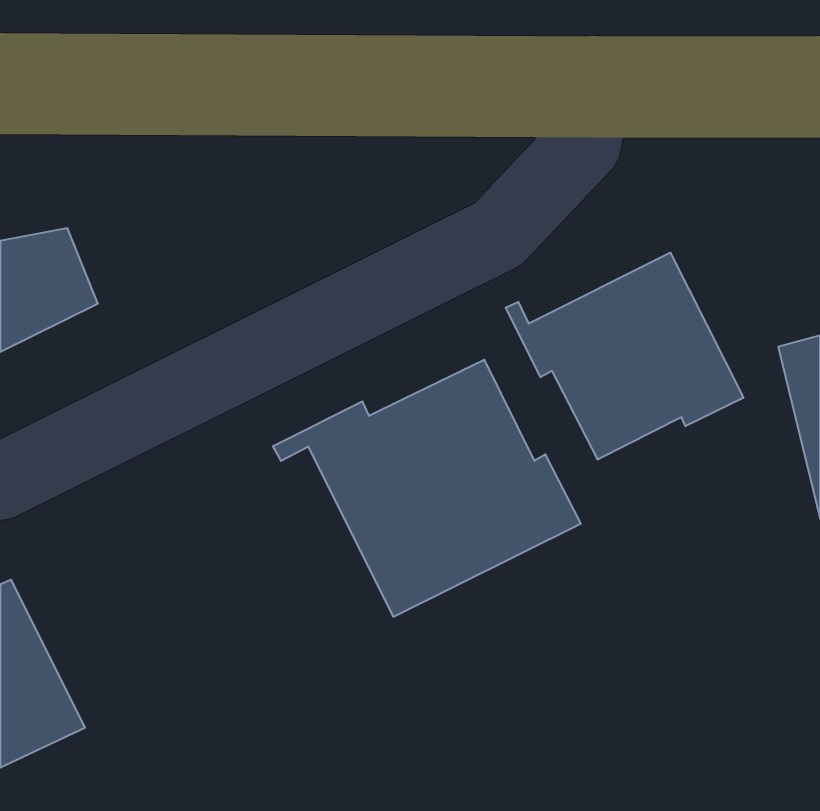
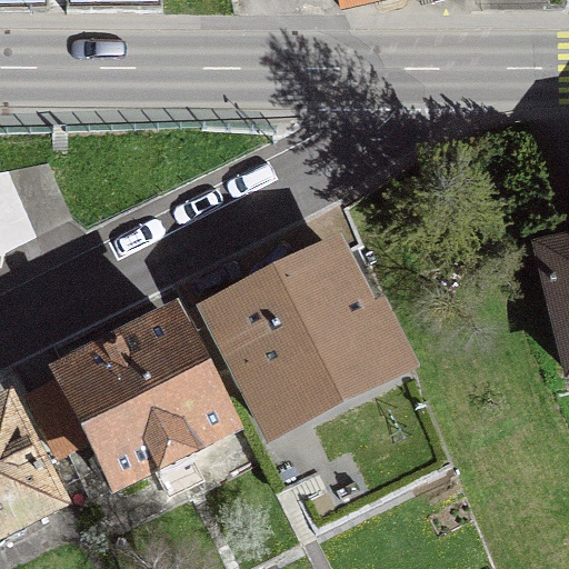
building: [506,253,743,460] -> none
building: none -> [30,318,230,485]

